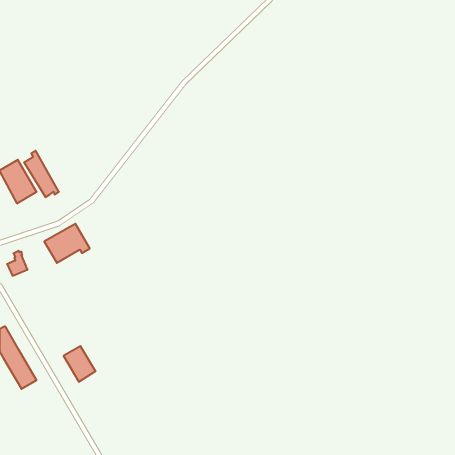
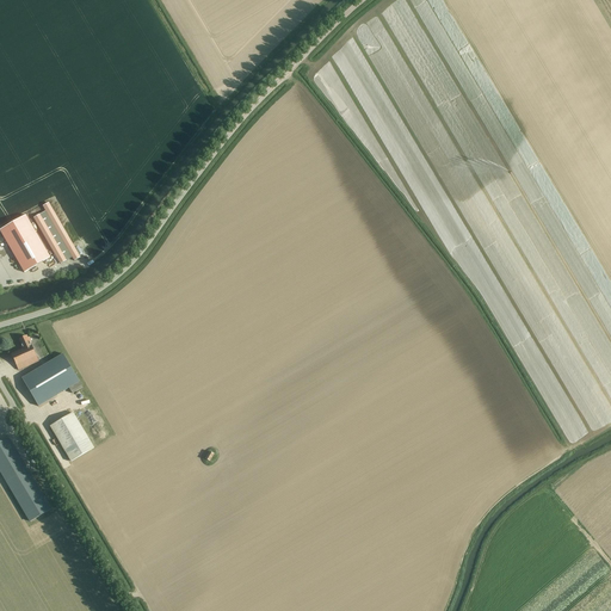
building: [44,224,90,263] -> [20,353,81,406]
building: [64,346,96,382] -> [49,413,92,461]

